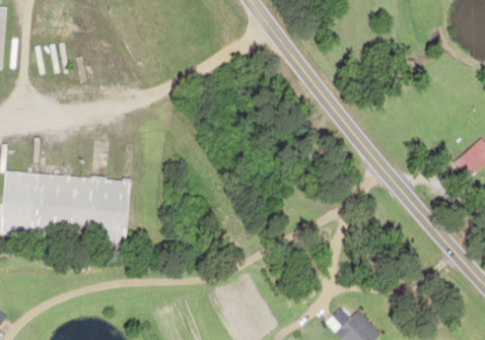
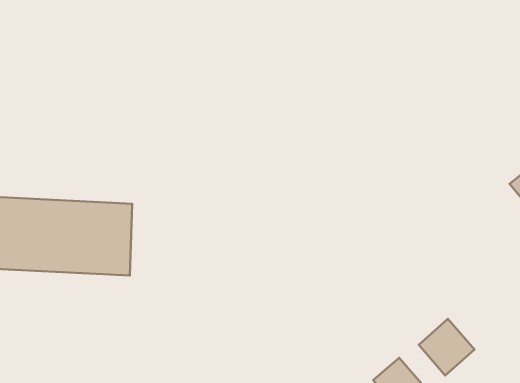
building: none -> [419,319,475,375]

